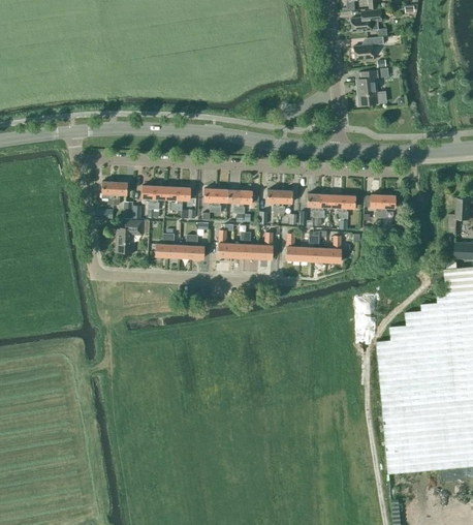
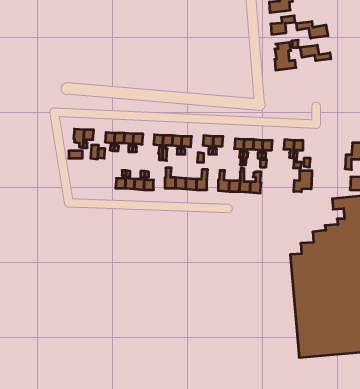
building: none -> [296,21,328,38]
building: none -> [300,45,331,61]
building: [115,221,141,252] -> none
building: none -> [294,170,312,192]

